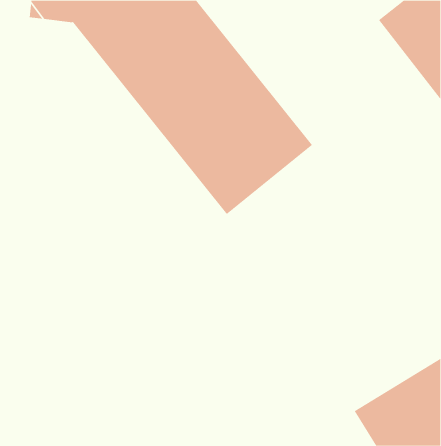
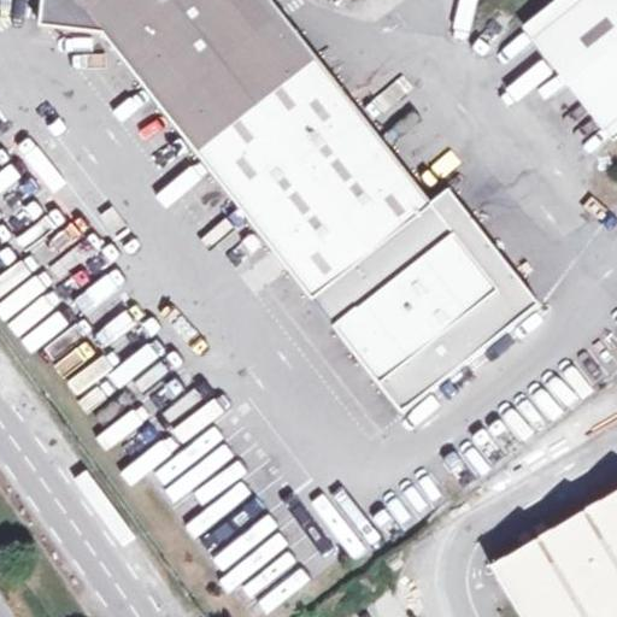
building: none -> [313,187,541,411]

